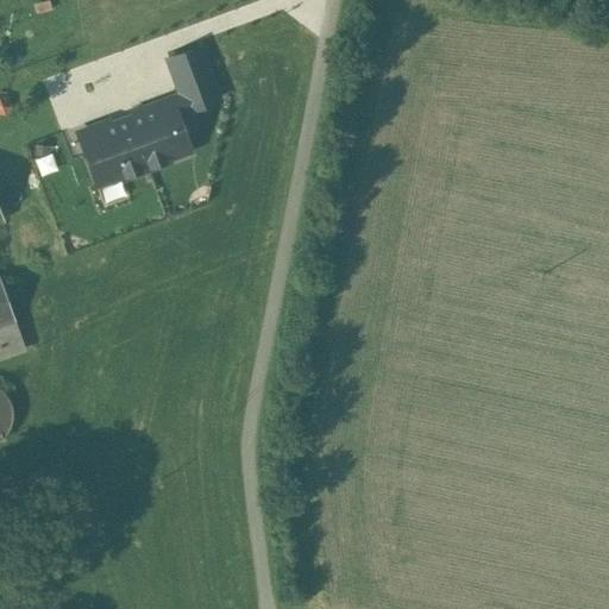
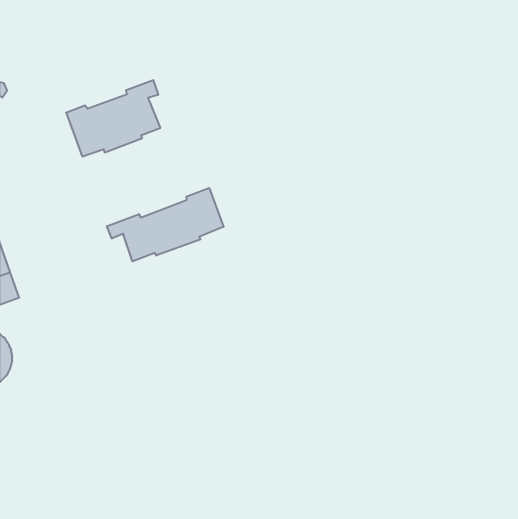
building: [167,48,216,111] -> none
building: none -> [107,188,224,261]

